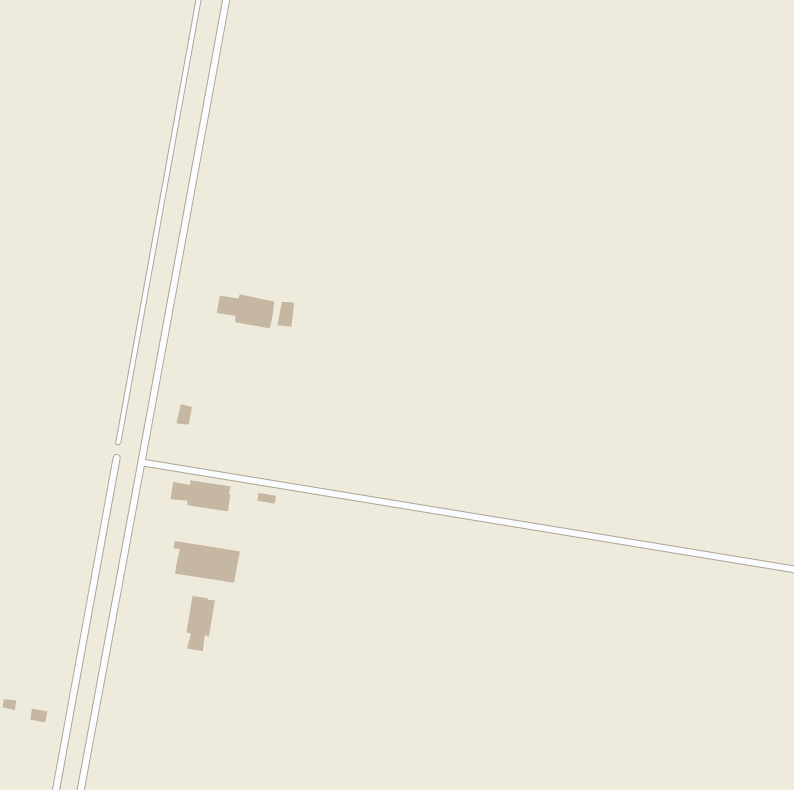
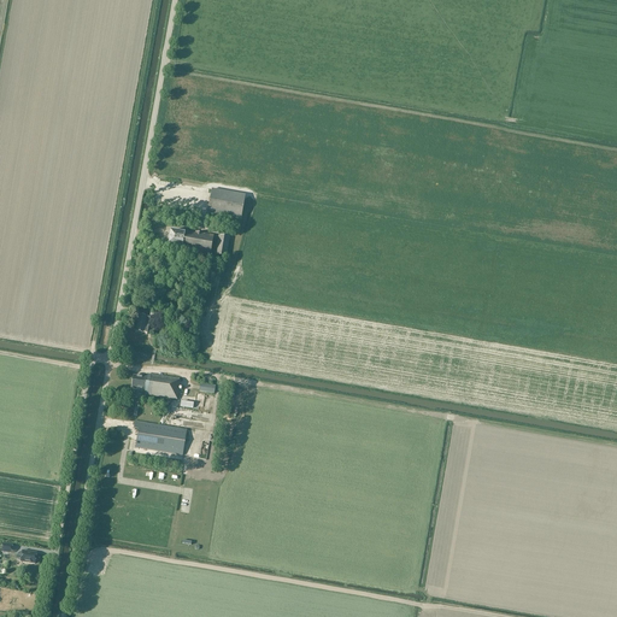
building: none -> [207,188,245,218]
building: [186,595,216,652] -> none

